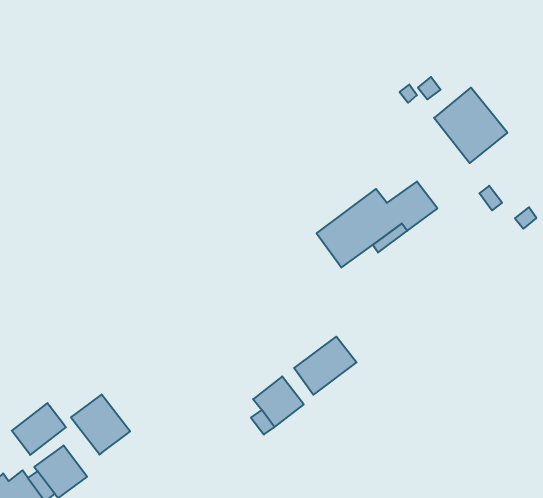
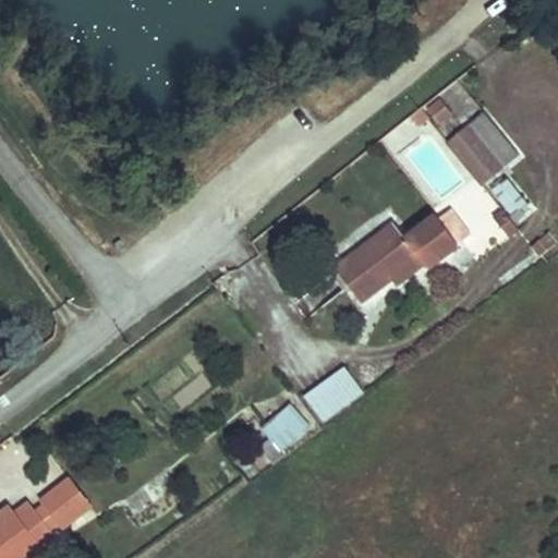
building: [71,394,130,455] -> none
building: [12,403,66,455] -> none

